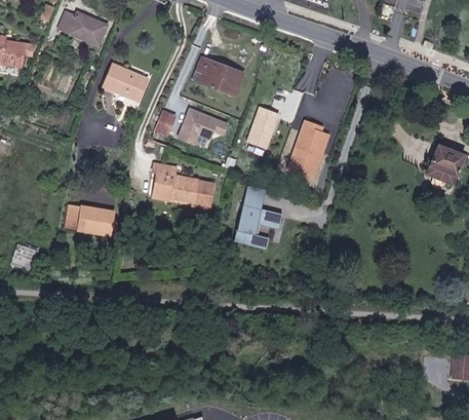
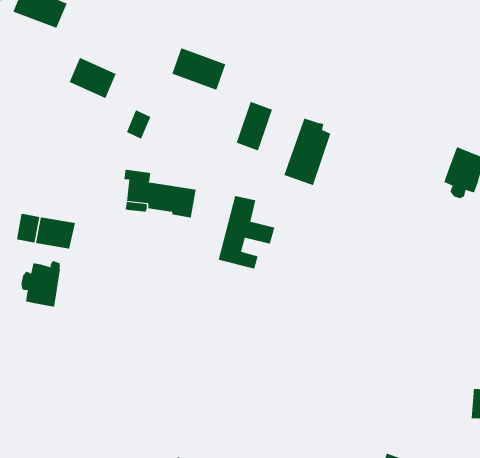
building: [178,107,230,145] -> none
building: none -> [21,260,61,307]

